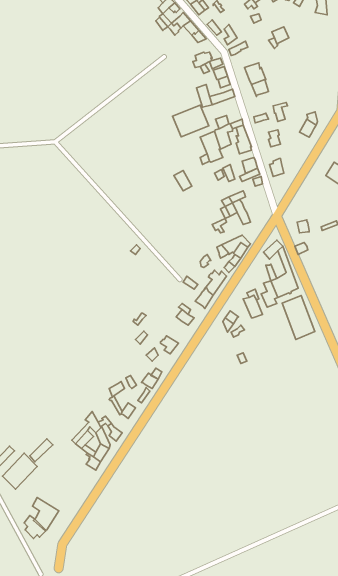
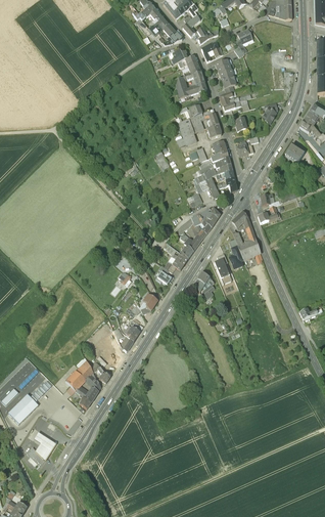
building: [172,105,209,137] -> none
building: [282,295,315,339] -> none

